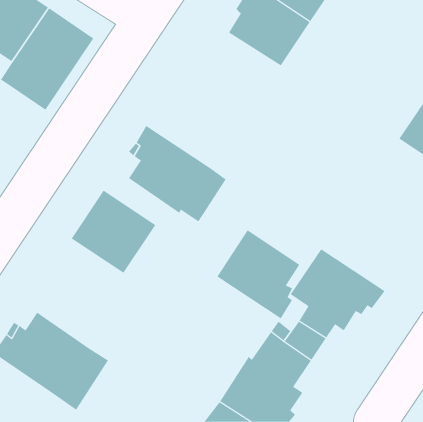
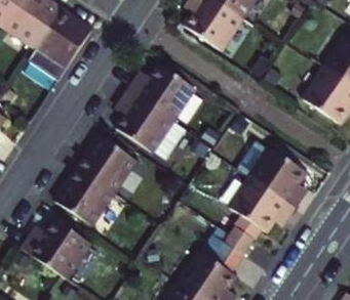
building: none -> [127,65,193,120]
building: [216,229,300,319] -> [249,143,308,206]
building: none -> [53,169,112,226]

